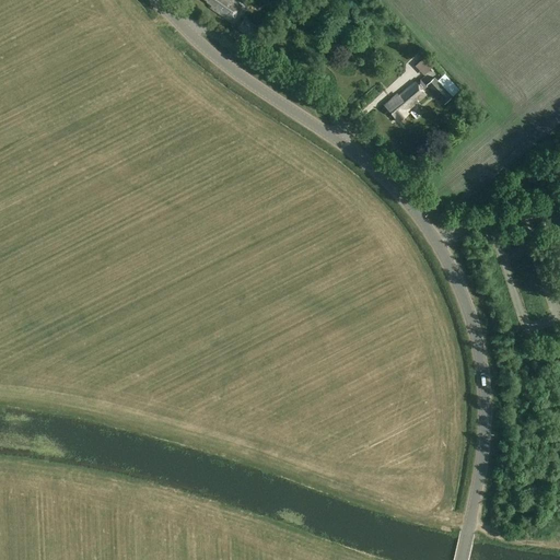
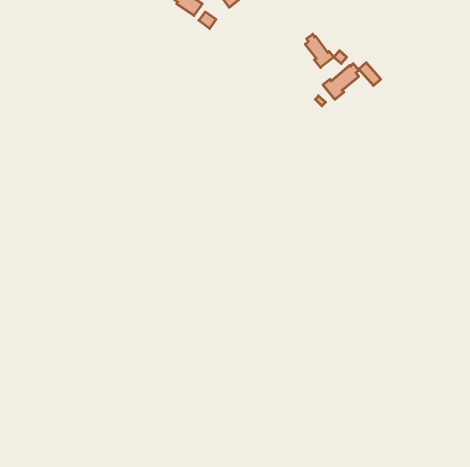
building: none -> [305,34,334,68]

